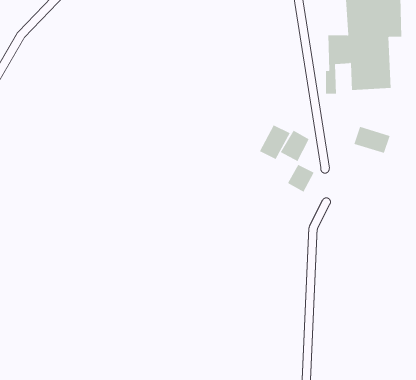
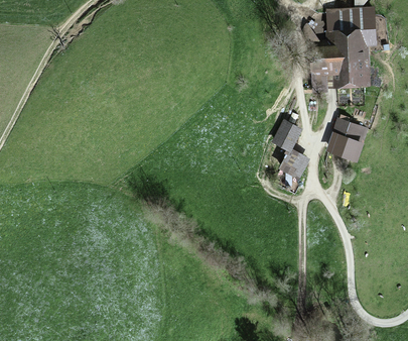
building: [259,124,290,160] -> none
building: none -> [330,133,362,159]

